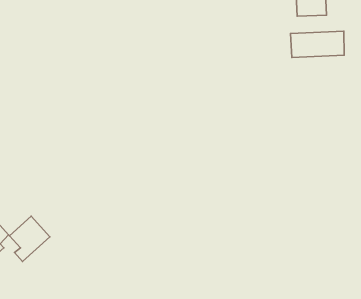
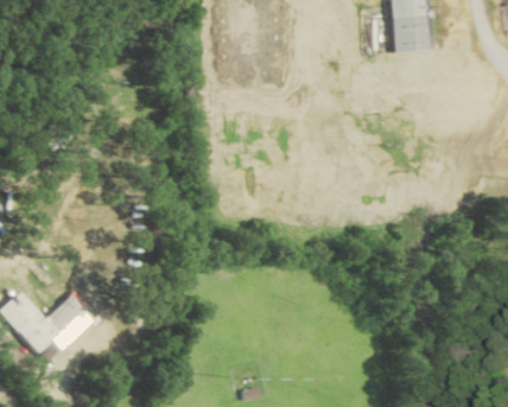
building: [291,31,344,58] -> none

